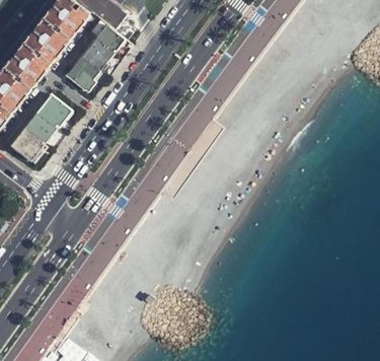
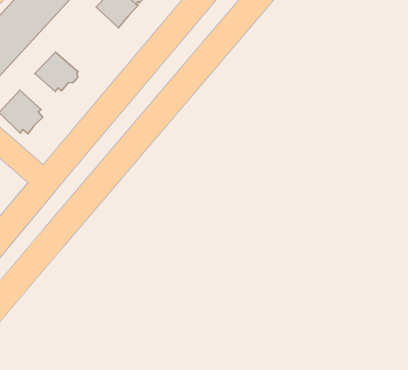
building: [66,56,99,89] -> none
building: [24,113,55,142] -> none

